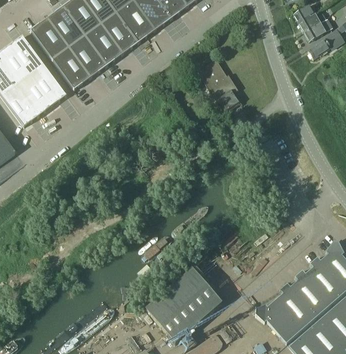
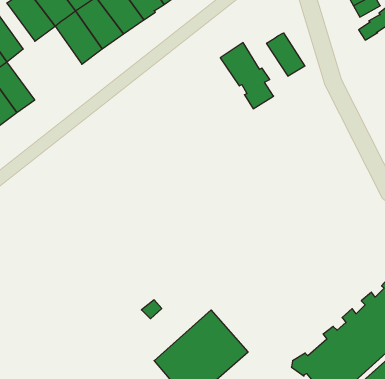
building: [53,46,90,87] -> none
building: none -> [267,33,305,76]
building: [31,64,66,104] -> none

